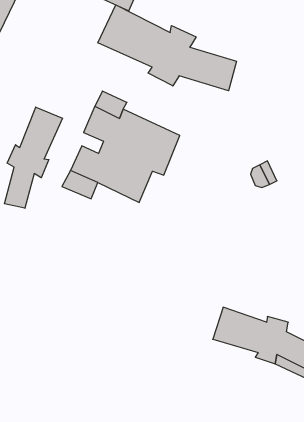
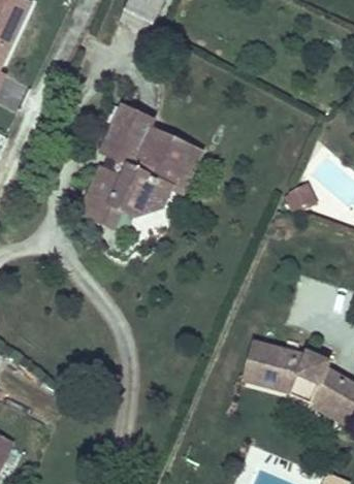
building: [98,5,237,91] -> none
building: [4,107,62,208] -> none

